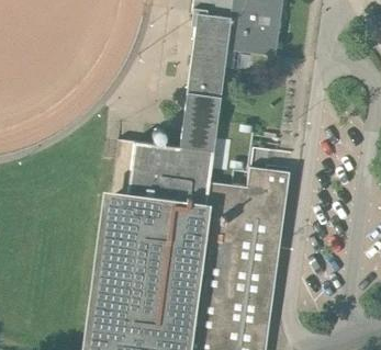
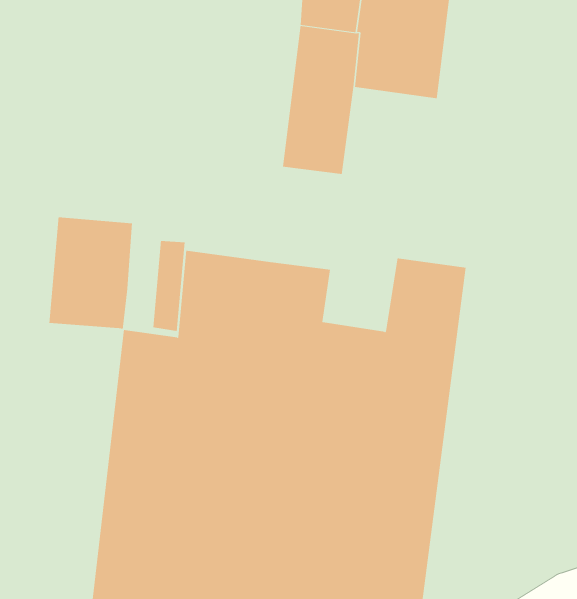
building: [181,97,222,155] -> none
building: none -> [49,217,133,330]

